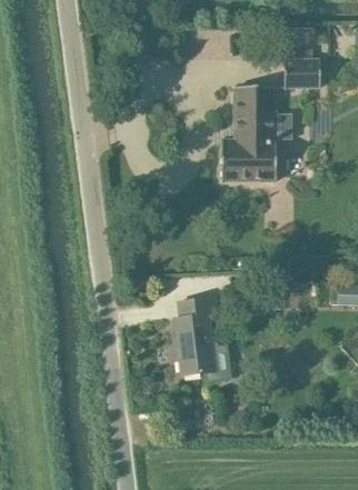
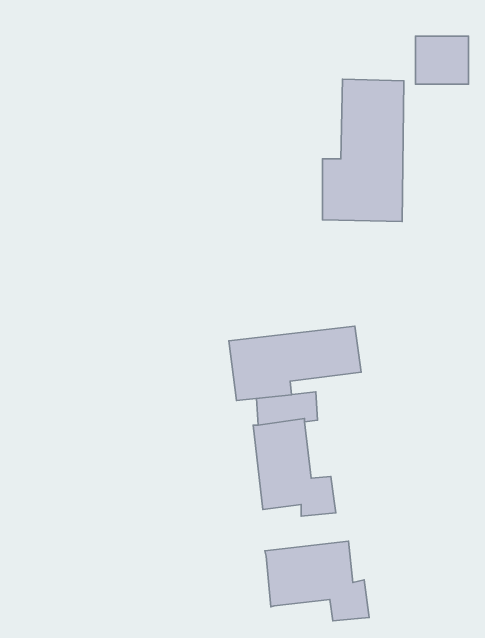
building: none -> [229,326,361,401]
building: none -> [265,541,369,621]

